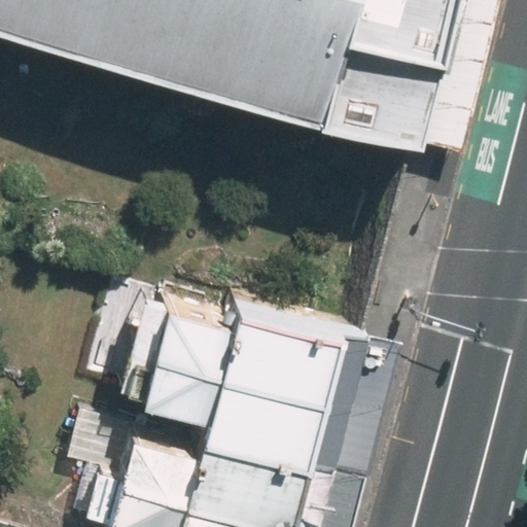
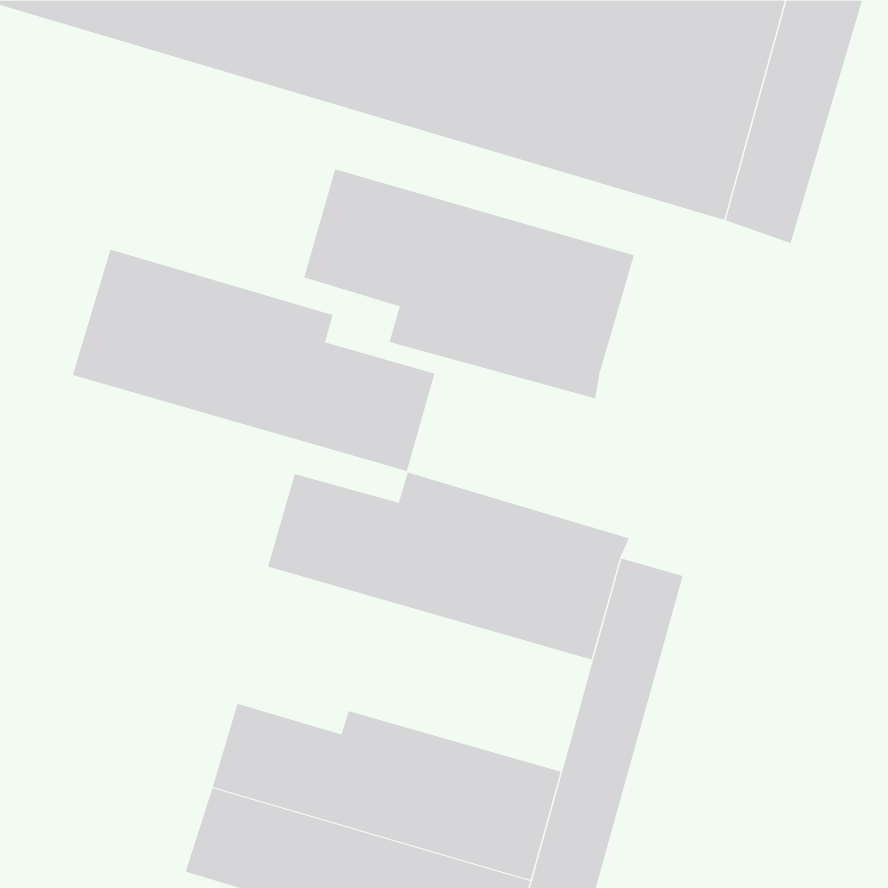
building: none -> [304,169,635,399]
building: none -> [72,249,435,472]
building: [142,342,340,459] -> none

